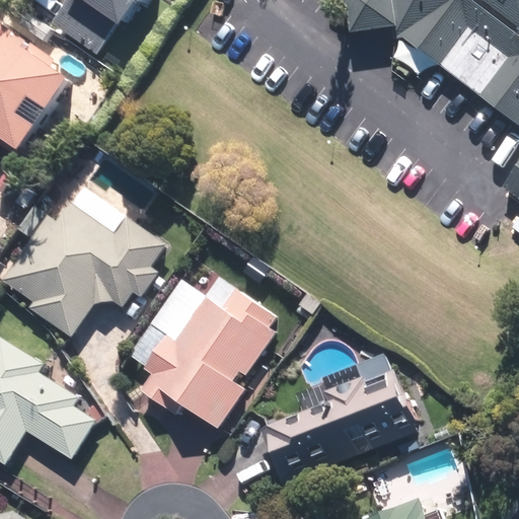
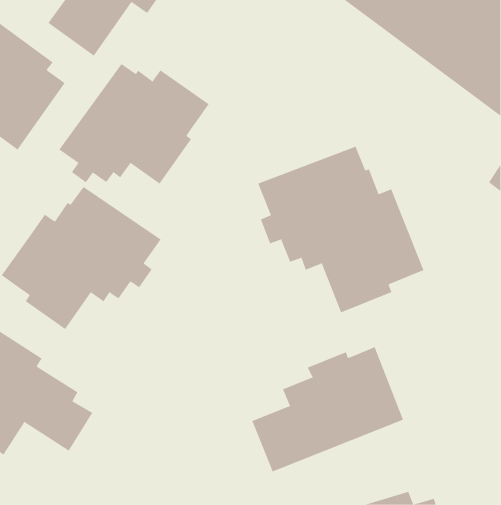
building: none -> [59,63,209,185]
building: none -> [258,146,424,313]
building: [138,262,282,432] -> none

